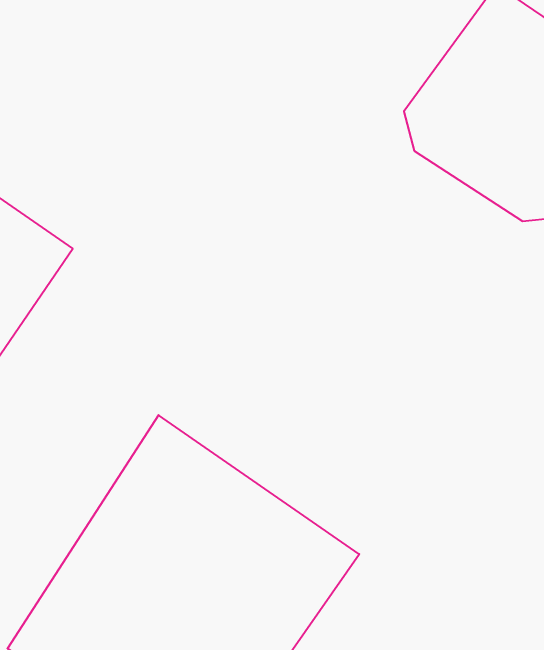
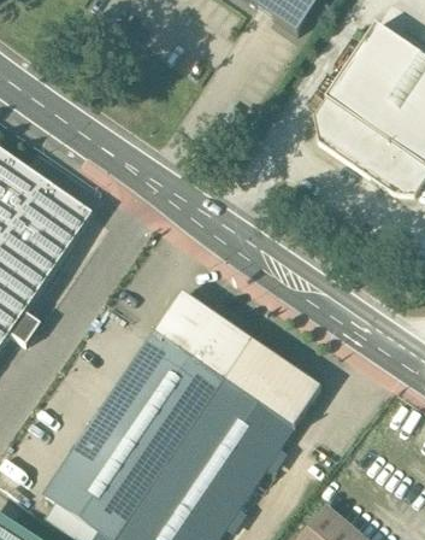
building: none -> [149,289,319,428]

